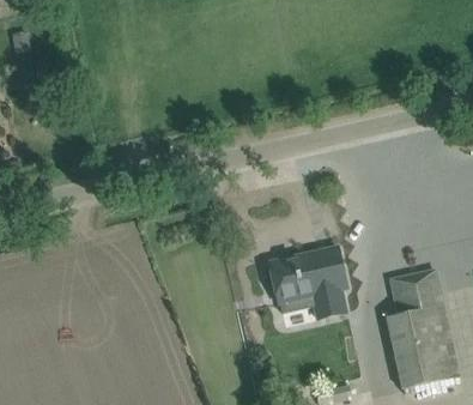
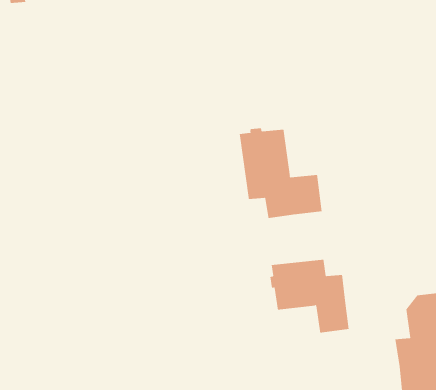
building: none -> [239,128,322,219]

